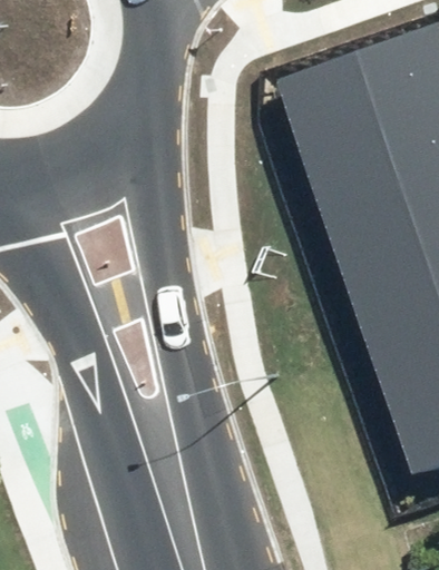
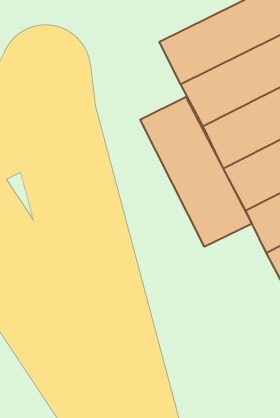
building: none -> [140,97,252,247]

